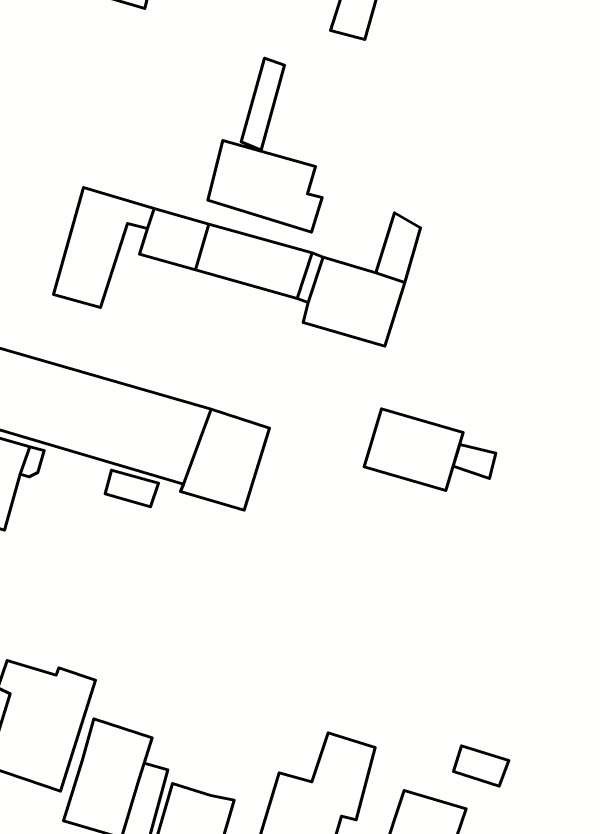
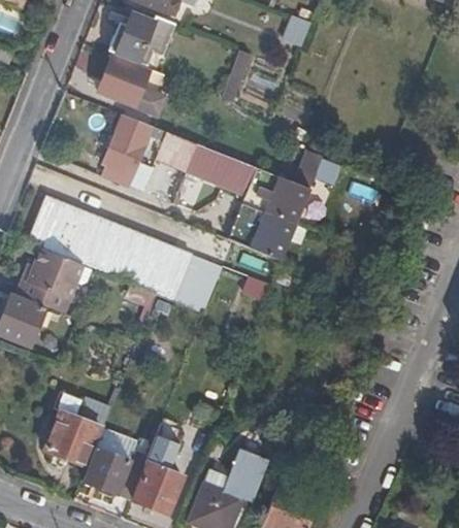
building: none -> [110,11,175,64]
building: [208,140,322,232] -> [98,56,165,114]
building: [364,409,463,491] -> [235,207,295,259]
building: none -> [145,430,183,478]

